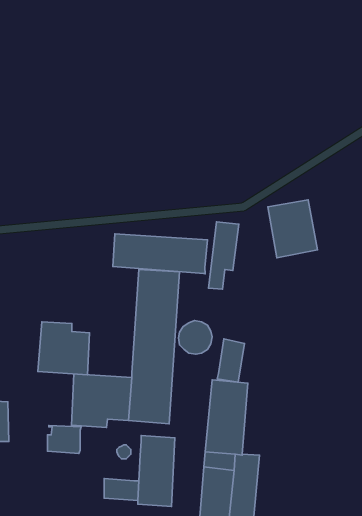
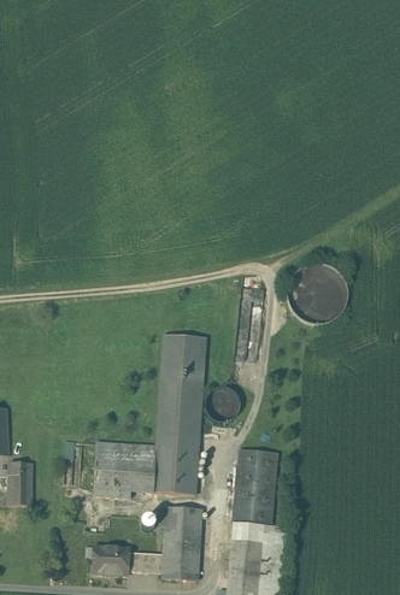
building: [113,234,207,274] -> none
building: [38,322,89,375] -> none
building: [217,339,244,382] -> none
building: [48,426,81,454] -> [94,544,129,573]

